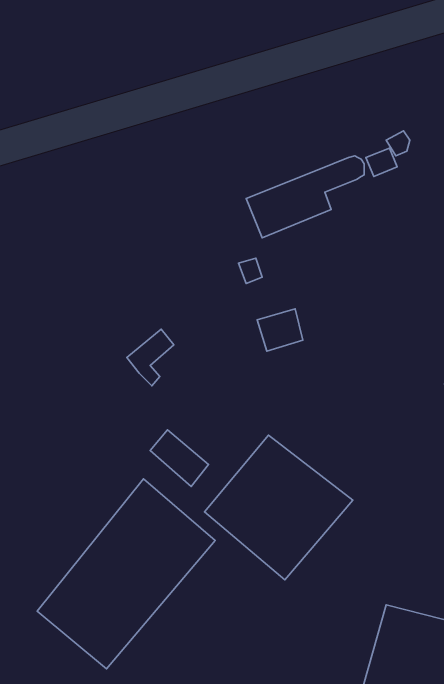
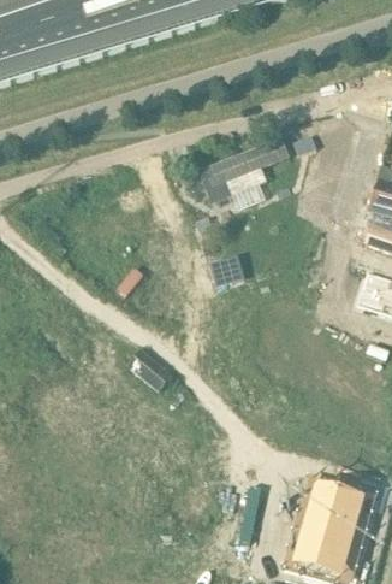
building: [205,435,353,580] -> none
building: [37,479,215,669] -> none

